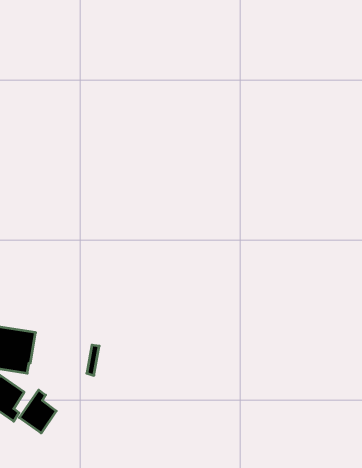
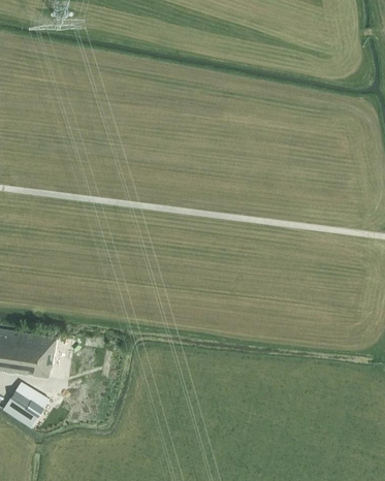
building: [19,390,56,433] -> none

